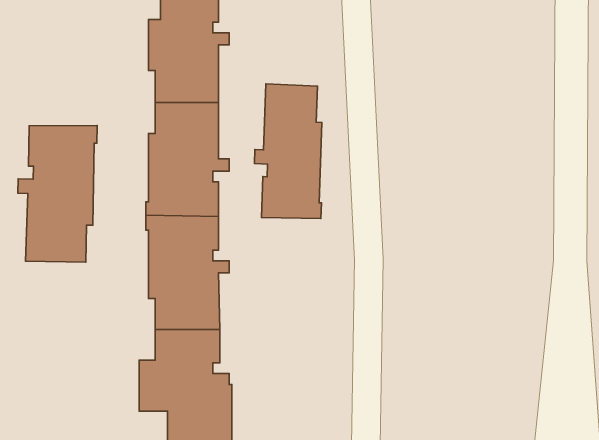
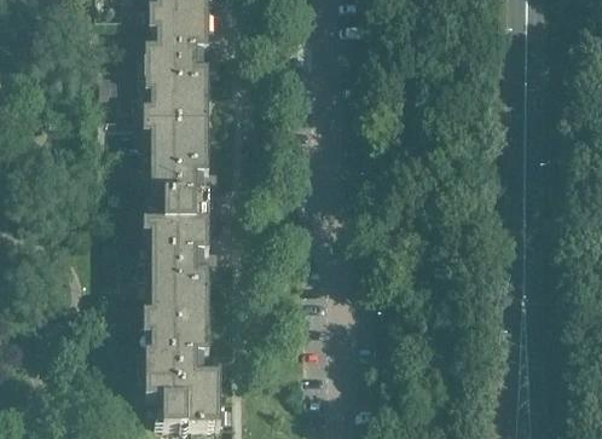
building: [254,84,322,219] -> none
building: [18,125,97,262] -> none

